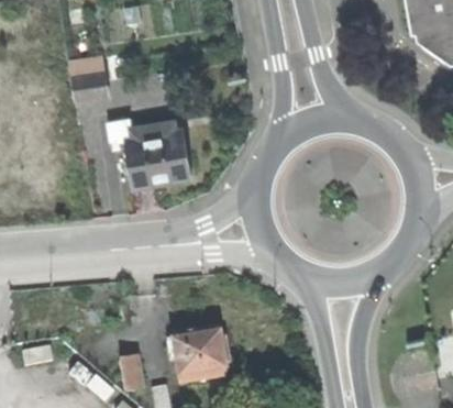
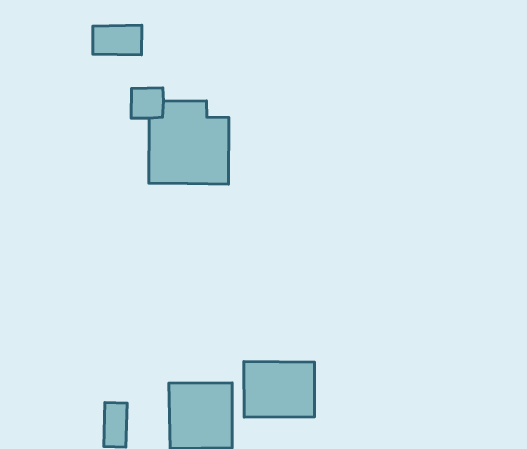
building: none -> [244,361,315,417]

